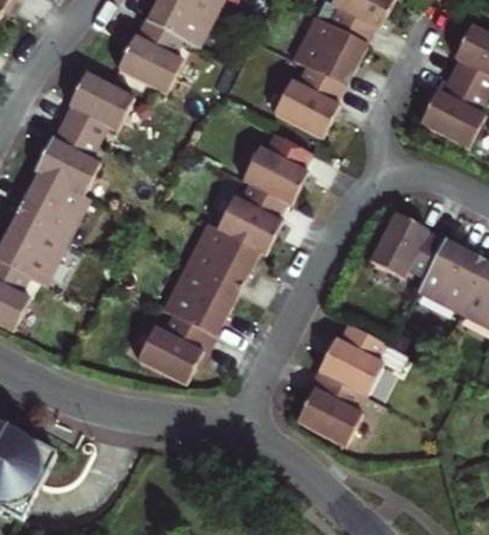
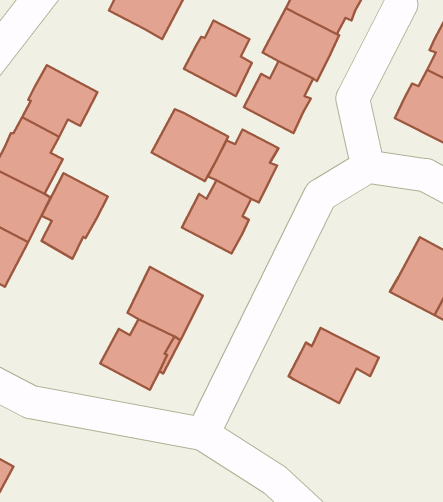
building: [118,19,183,92] -> [184,21,252,96]
building: none -> [41,173,108,259]
building: [370,212,443,276] -> none
building: [186,224,259,292] -> [151,109,228,181]
building: [296,373,362,446] -> none

